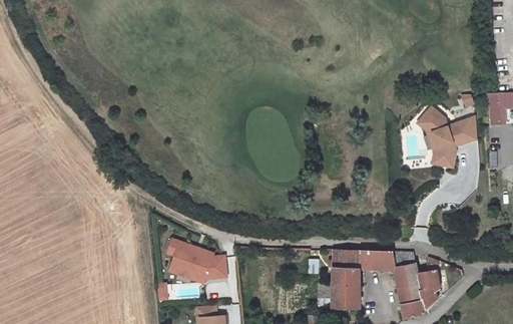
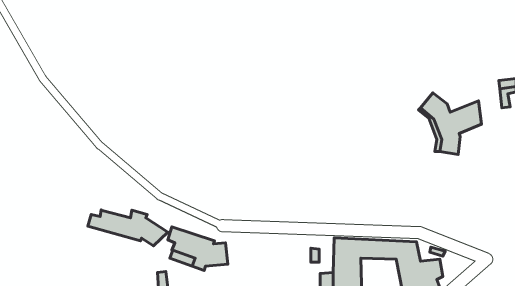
building: none -> [88,210,168,246]

